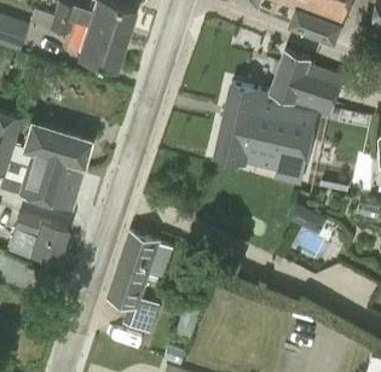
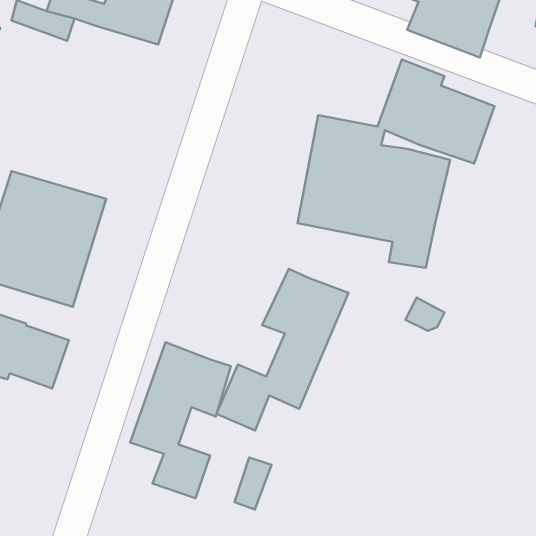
building: [76,27,126,70] -> none
building: none -> [217,269,348,430]

